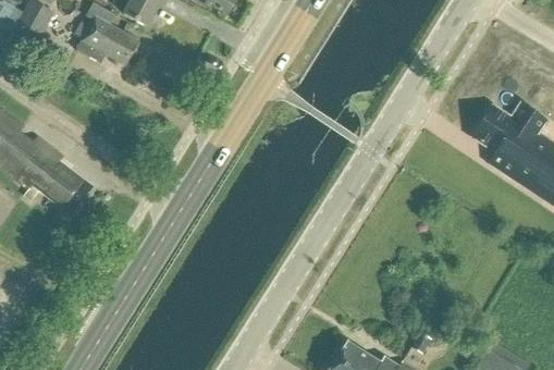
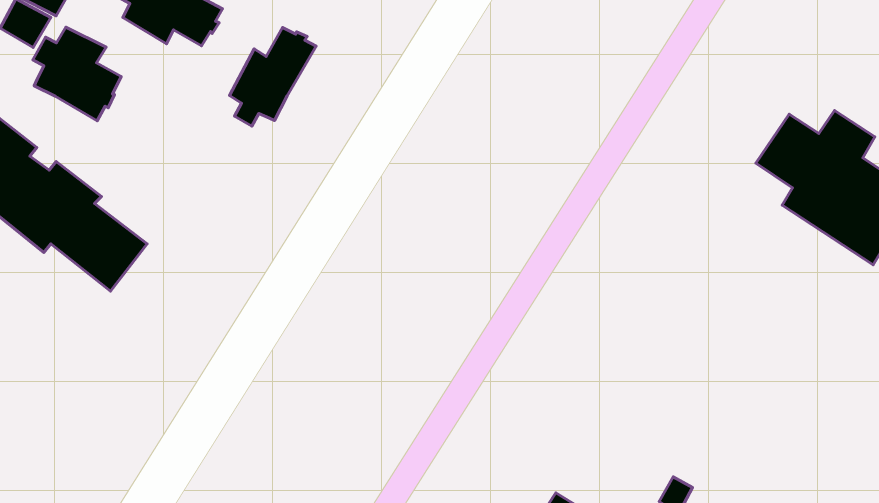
building: none -> [33,27,121,121]
building: none -> [229,28,316,126]

